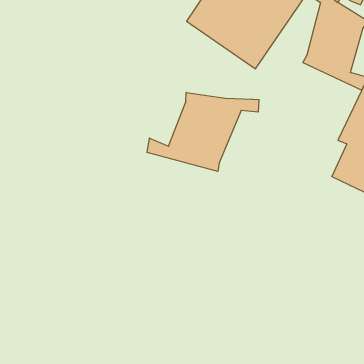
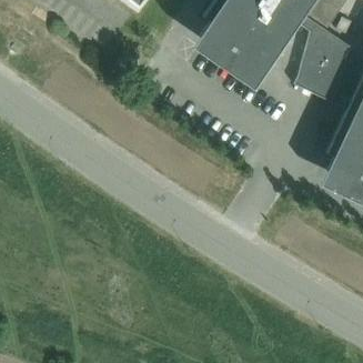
building: [147,92,259,171] -> none

